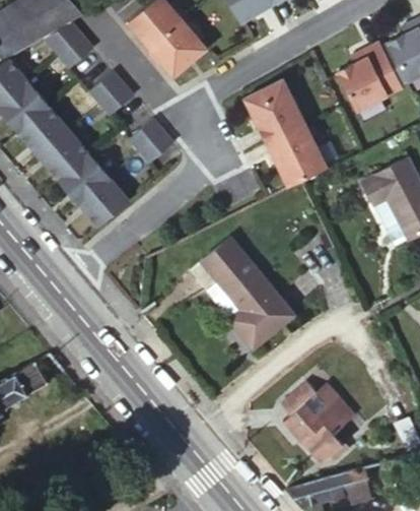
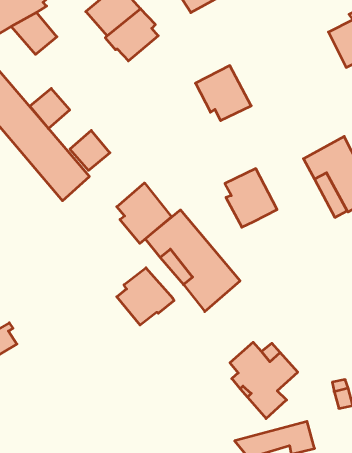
building: [338,42,404,110] -> none
building: [89,71,133,115] -> [30,88,70,129]
building: [130,118,173,162] -> [70,130,110,170]
building: [272,123,329,187] -> [225,169,277,227]
building: none -> [117,183,172,243]
building: none -> [117,268,174,325]

